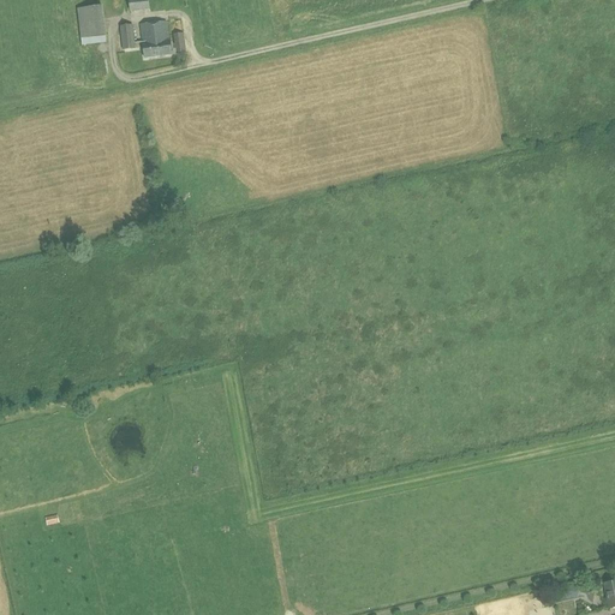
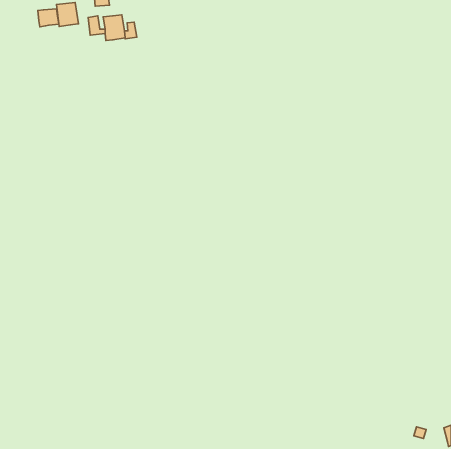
building: none -> [38,9,59,27]

